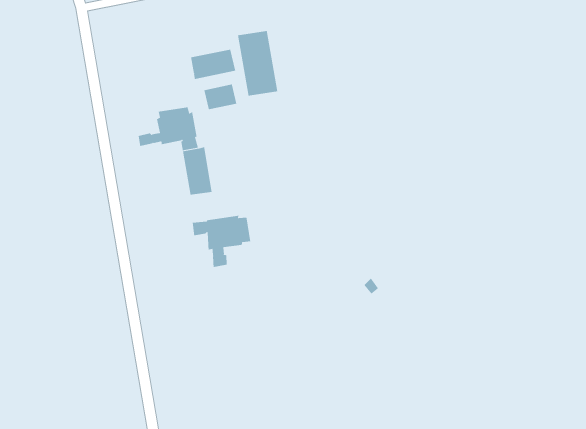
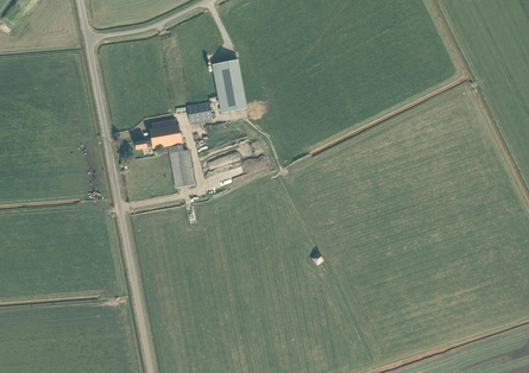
building: [190,49,236,80] -> none
building: [192,215,251,268] -> none

